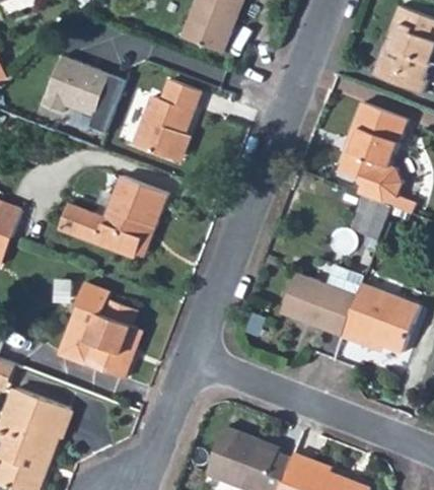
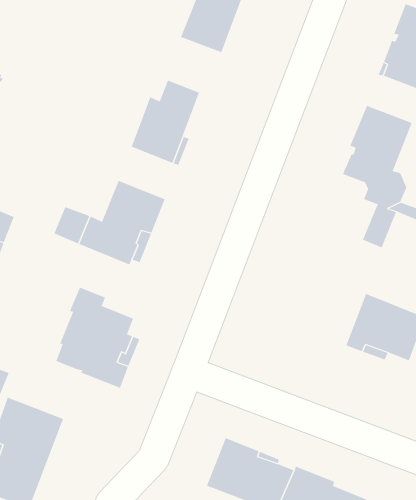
building: [43,55,126,132] -> none
building: [280,273,356,336] -> none

